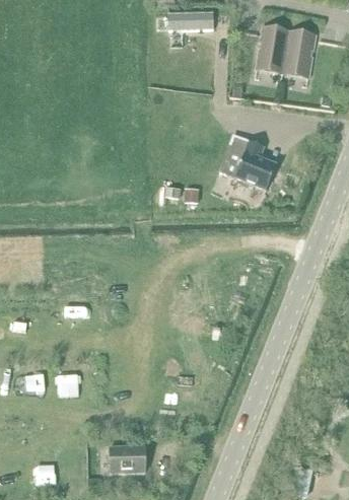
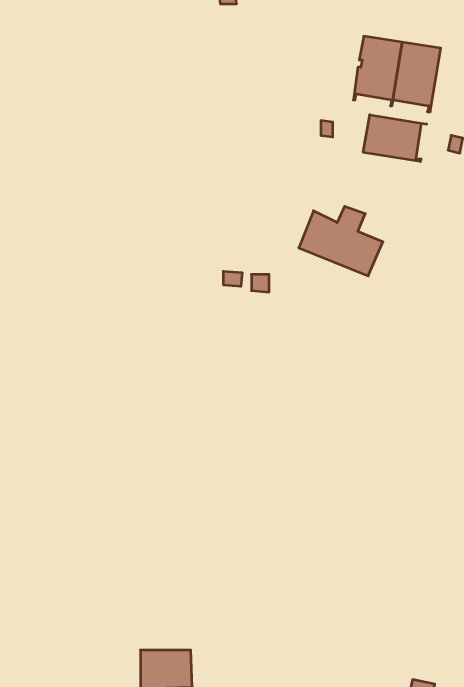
building: [167,10,213,28] -> none
building: none -> [363,115,427,162]

